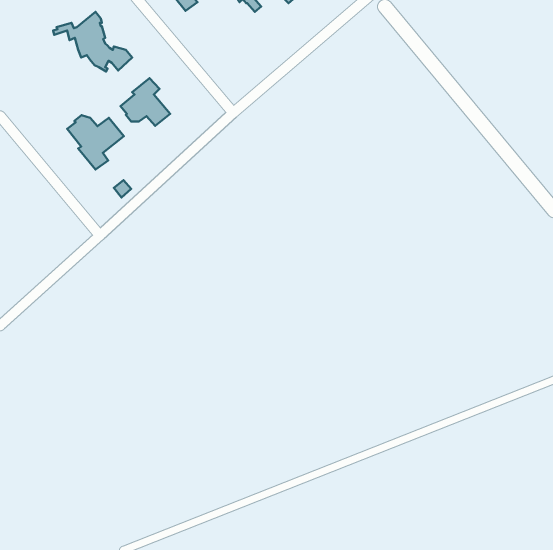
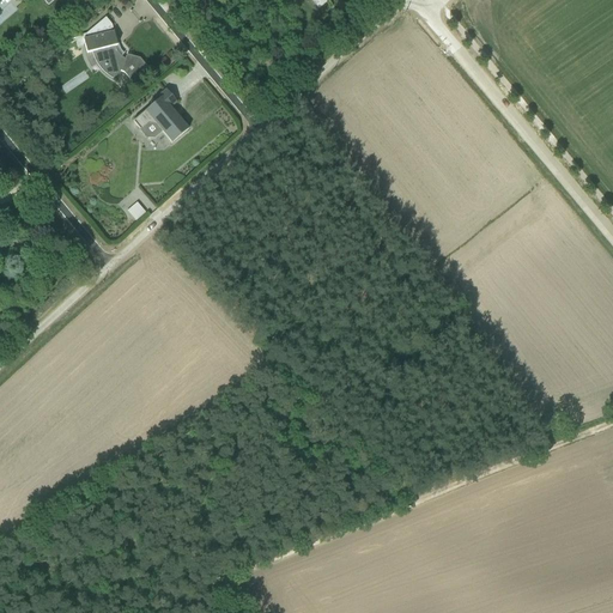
building: [67,115,124,170] -> none

